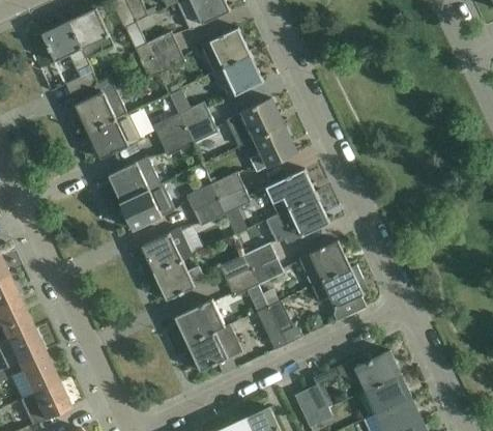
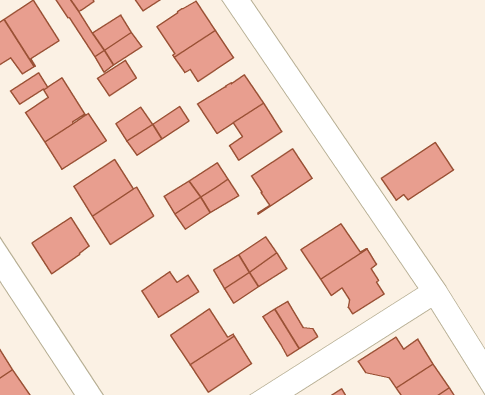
building: [176,102,210,131] -> [97,60,136,96]
building: [265,197,329,243] -> [381,143,454,200]
building: [141,228,191,275] -> [32,218,89,274]

